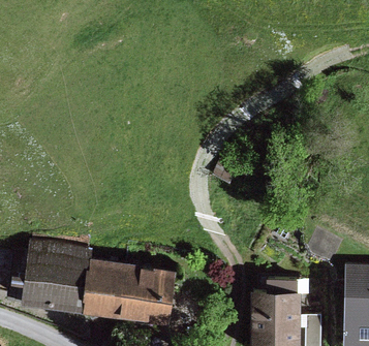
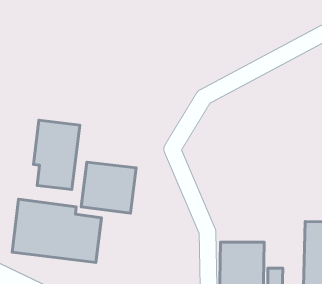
building: none -> [34,120,80,189]
building: [113,263,174,320] -> [81,162,136,213]

